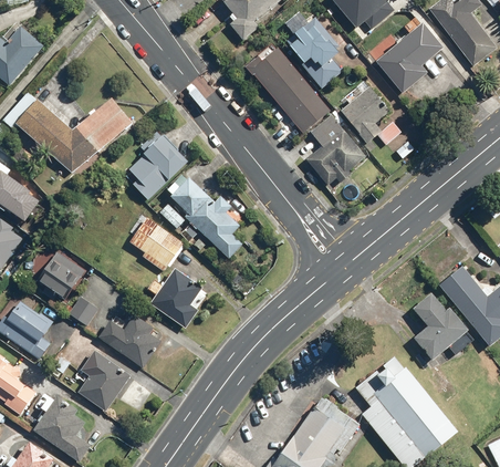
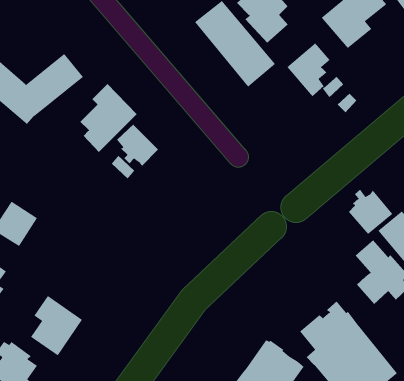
building: [305,114,366,186] -> none
building: [184,196,242,259] -> none
building: [128,211,184,272] -> none
building: none -> [348,189,393,235]
building: [147,269,200,329] -> none
building: [66,295,98,326] -> none
building: [100,312,165,369] -> none

